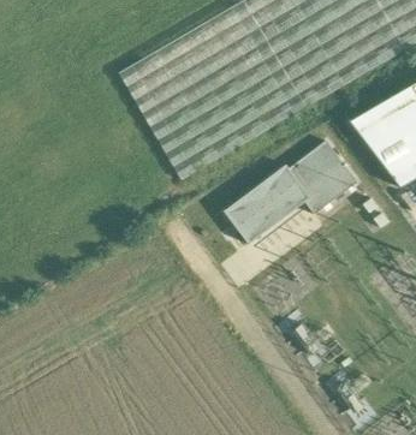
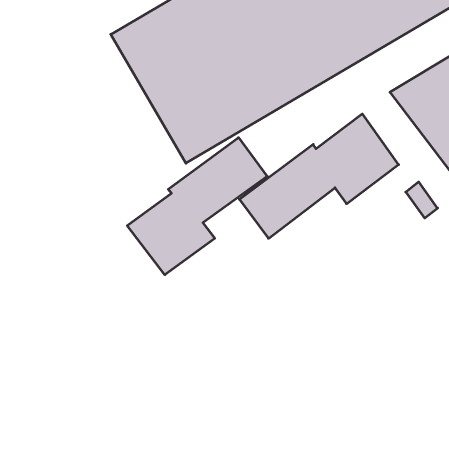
building: none -> [127,138,267,275]

